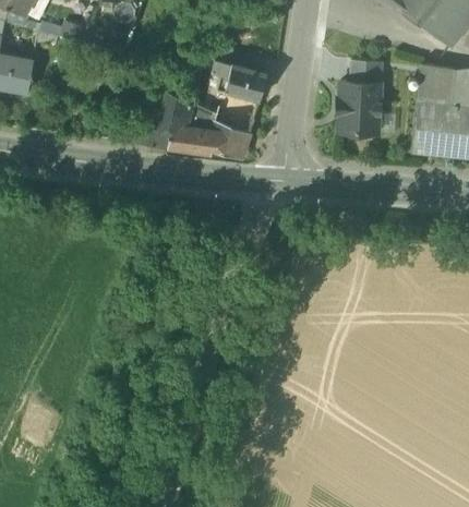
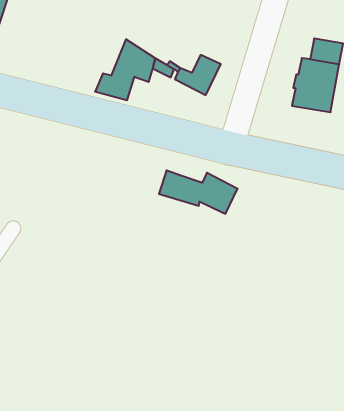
building: [218,65,268,100] -> none
building: [169,122,249,161] -> [159,170,238,214]

